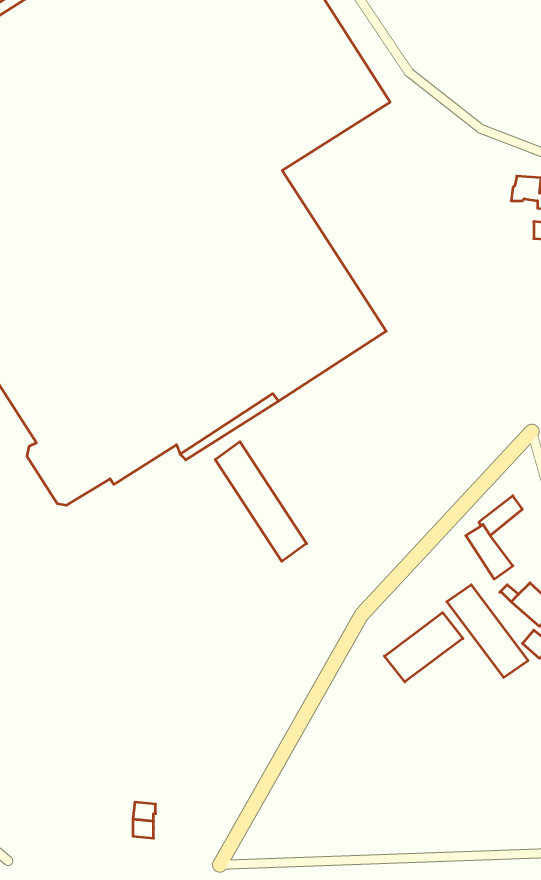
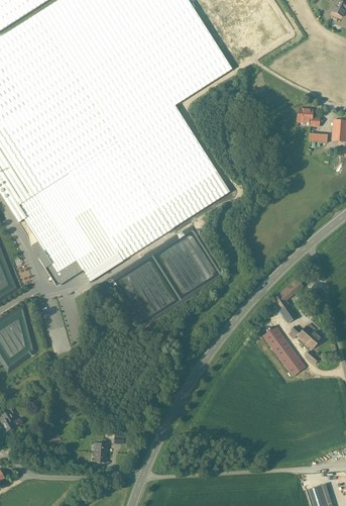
building: [215,442,307,561] -> none
building: [384,613,463,682] -> none

